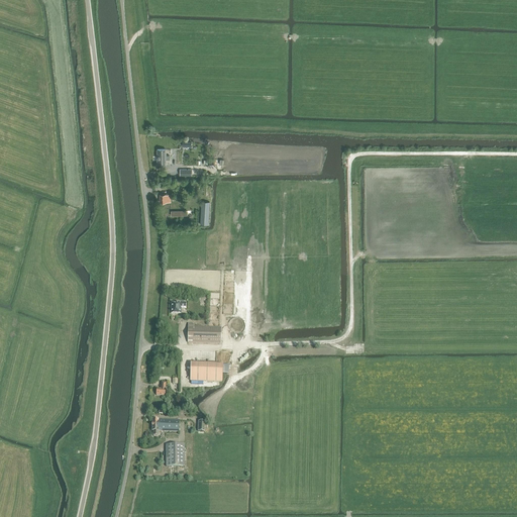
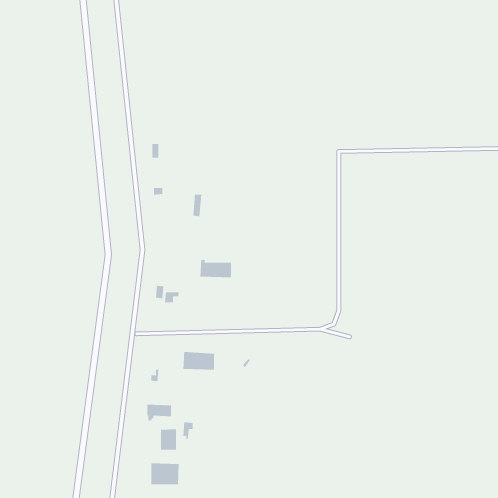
building: [187,323,220,342] -> [200,259,232,278]
building: none -> [151,462,179,485]

